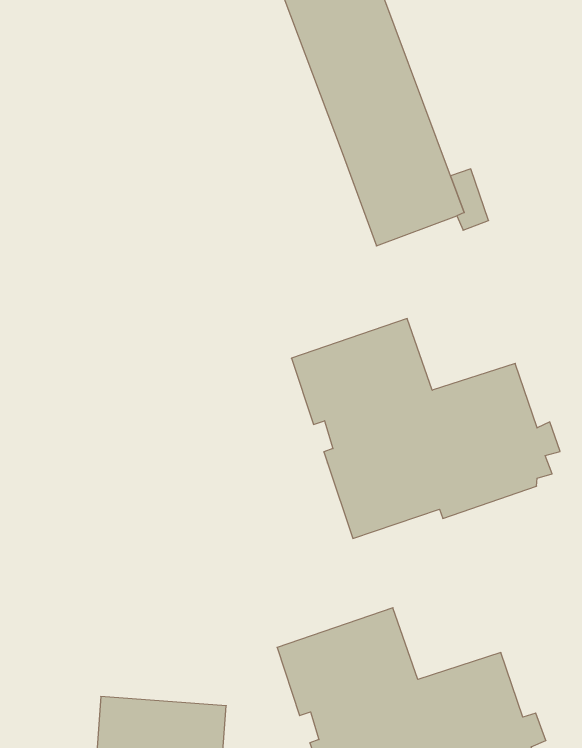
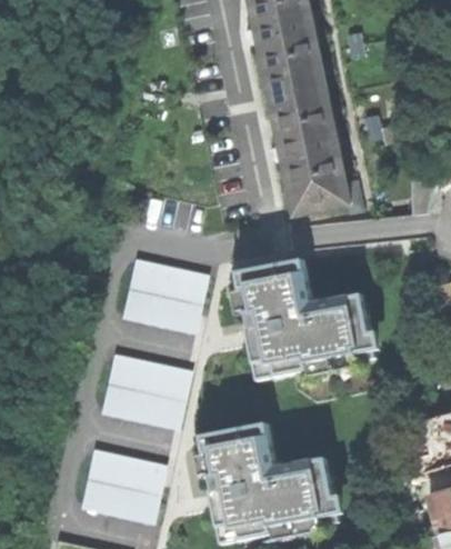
building: none -> [124,258,209,330]
building: none -> [103,356,187,428]

